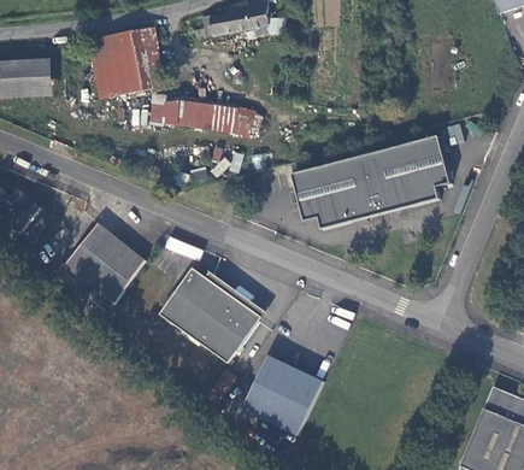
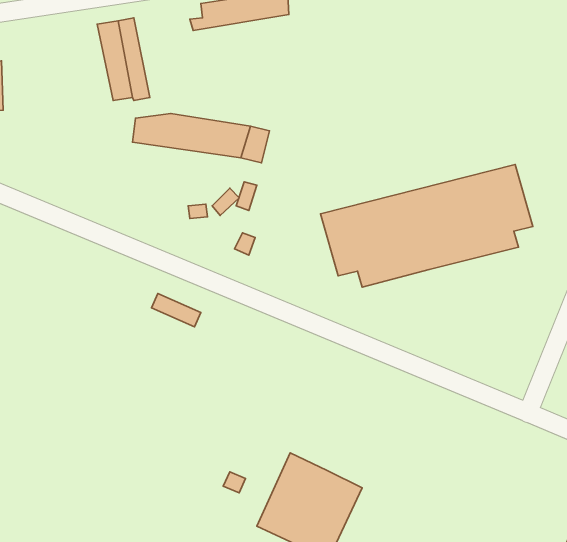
building: [88,31,135,96] -> none
building: [64,223,145,305] -> none
building: [161,269,261,363] -> none

